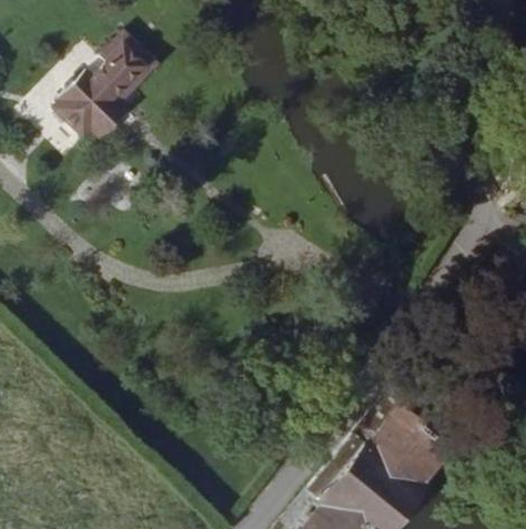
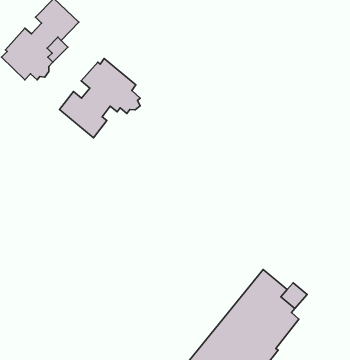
building: none -> [59,58,140,138]

